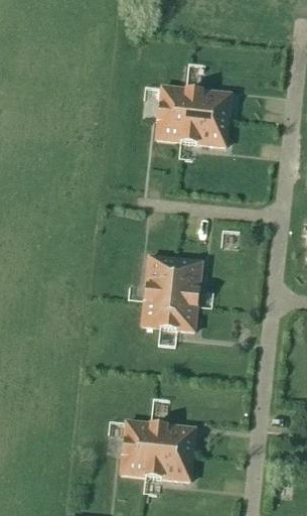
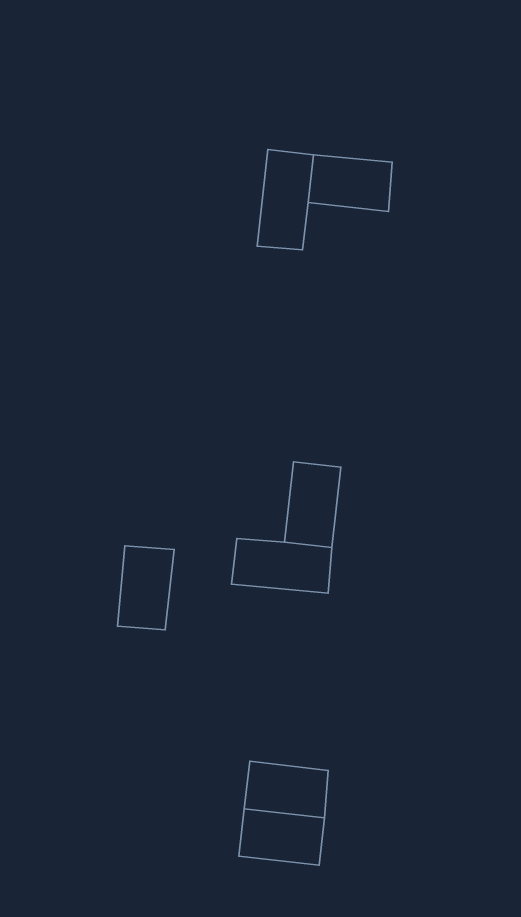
building: [181,115,228,146] -> none
building: [145,256,176,302] -> [118,546,174,630]
building: [121,420,152,476] -> none

